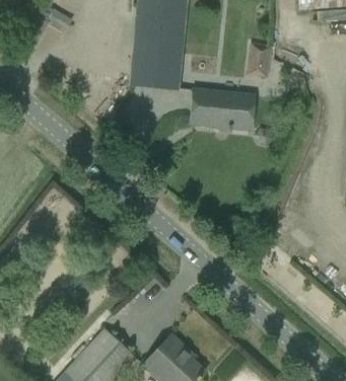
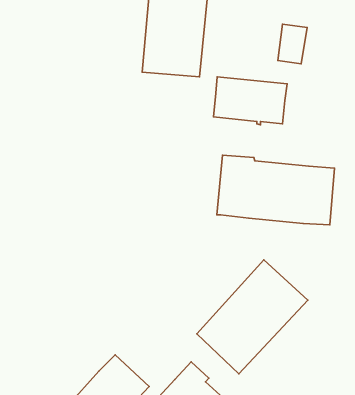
building: none -> [217,155,335,225]
building: none -> [197,260,308,374]

